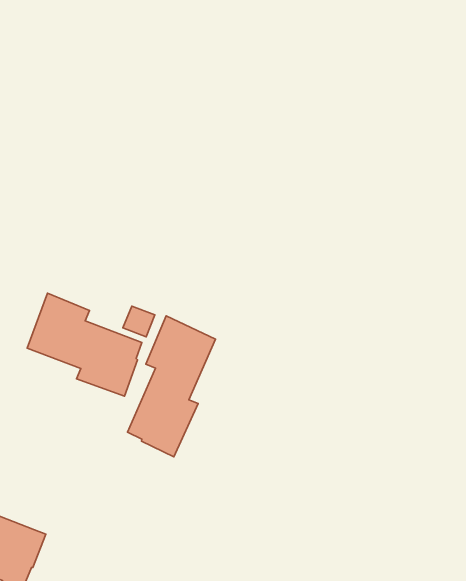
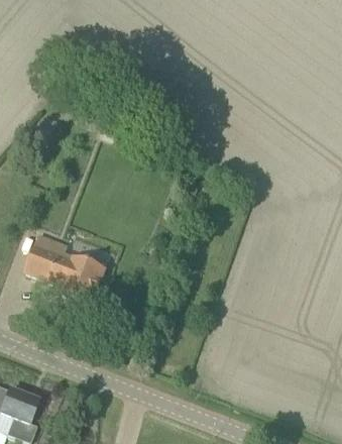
building: [127,316,216,457] -> none

